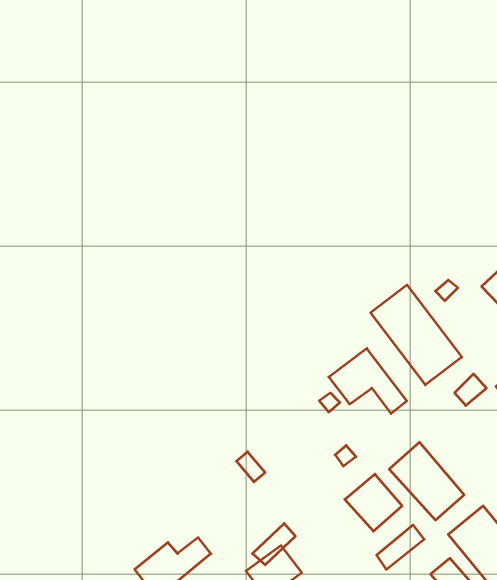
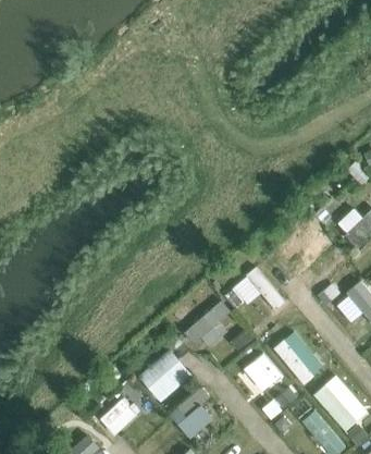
building: [371,285,462,385] -> none
building: none -> [184,302,231,346]
building: none -> [138,349,193,402]

